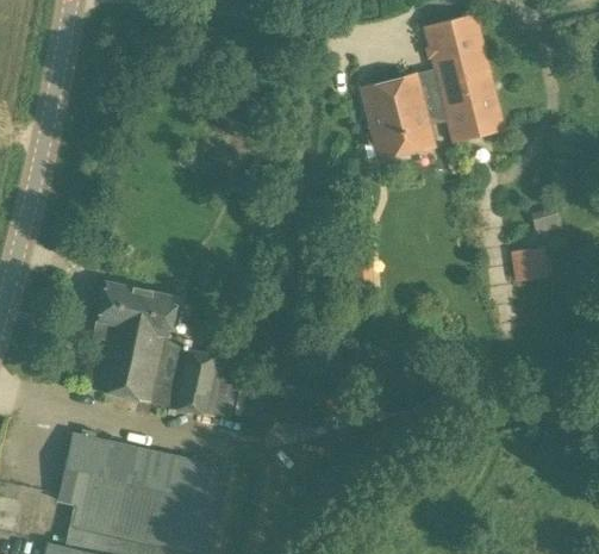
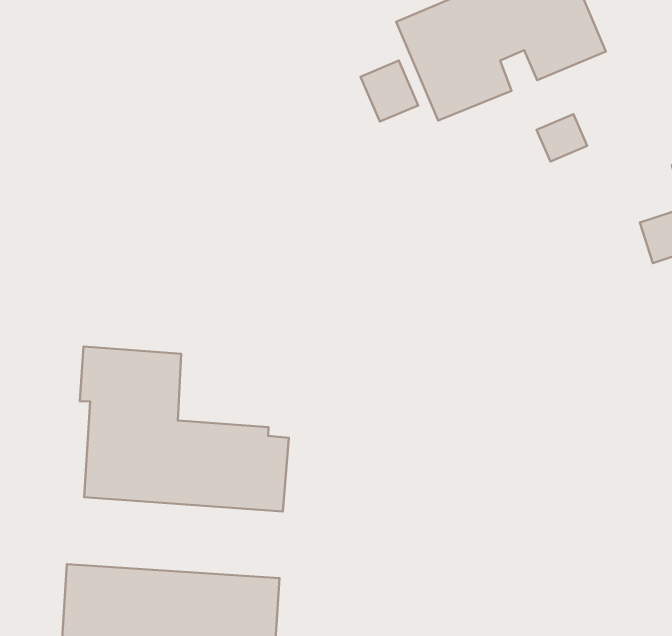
building: none -> [361,61,418,122]
building: none -> [537,114,587,161]

